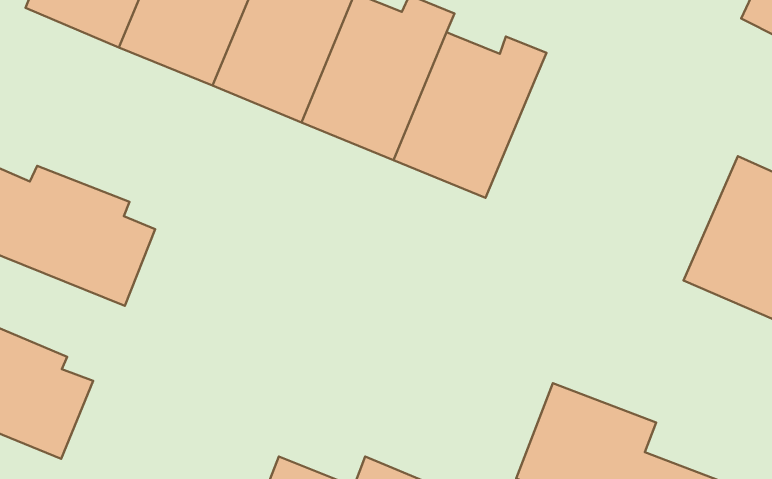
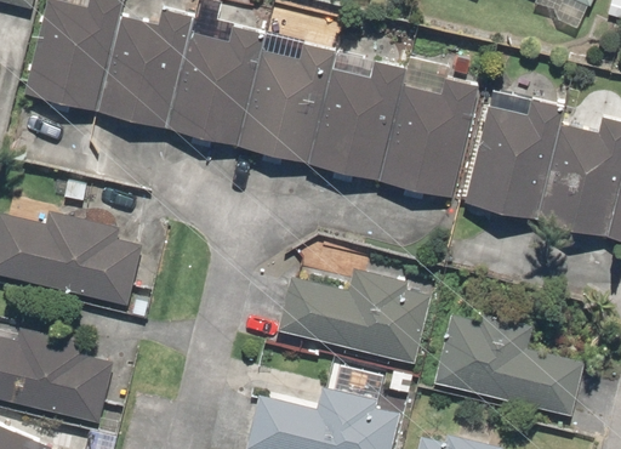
building: none -> [378,79,478,199]
building: none -> [461,97,563,220]
building: none -> [278,269,435,364]

